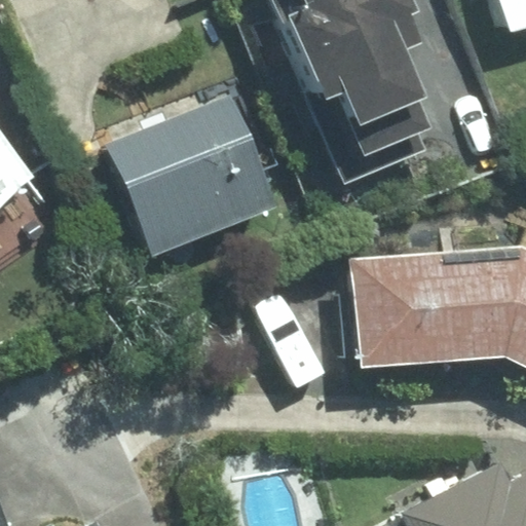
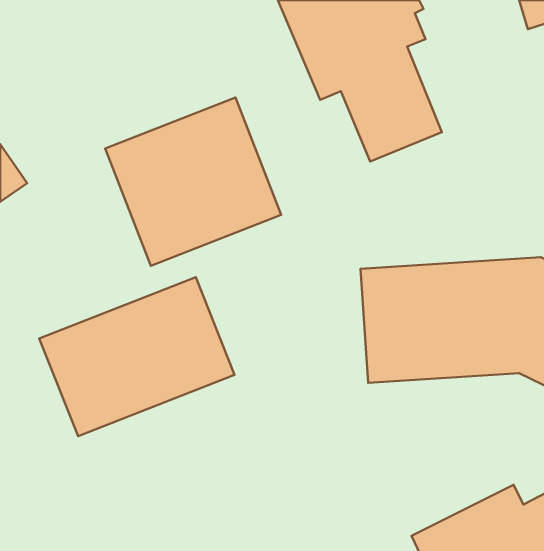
building: none -> [39,277,234,436]

